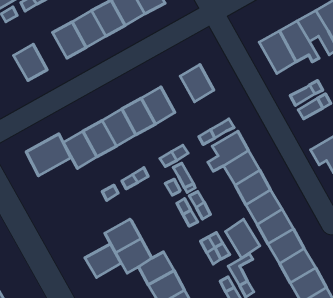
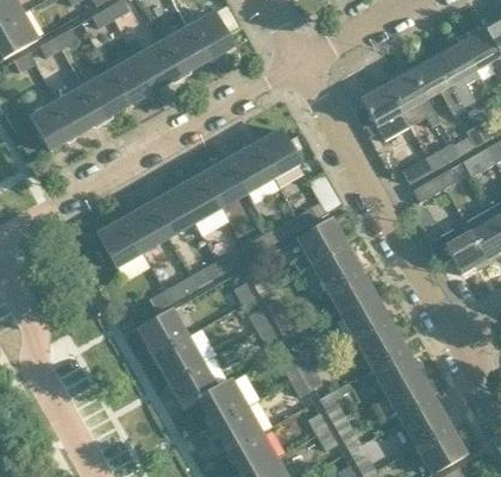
building: none -> [57,86,102,136]
building: none -> [228,144,274,193]
building: [26,134,71,176] -> none
building: [225,219,260,258] -> none
building: [85,244,121,277] -> [138,309,187,354]

